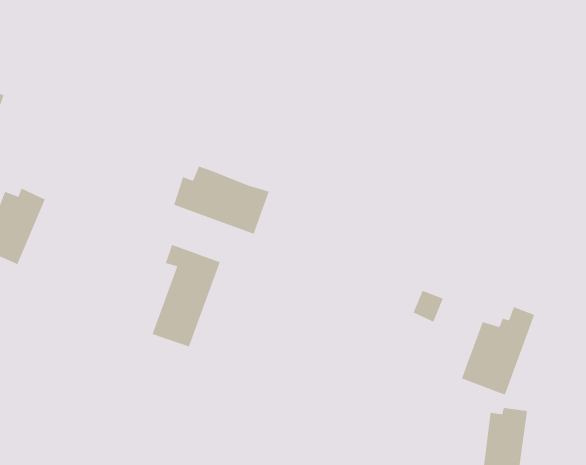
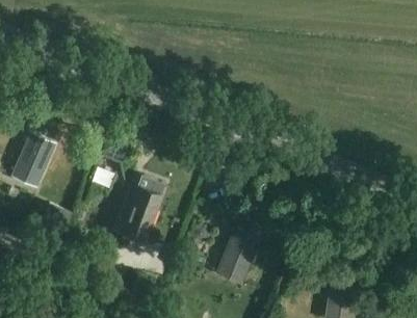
building: [173,165,270,235] -> none
building: [461,306,535,395] -> [216,230,263,286]

